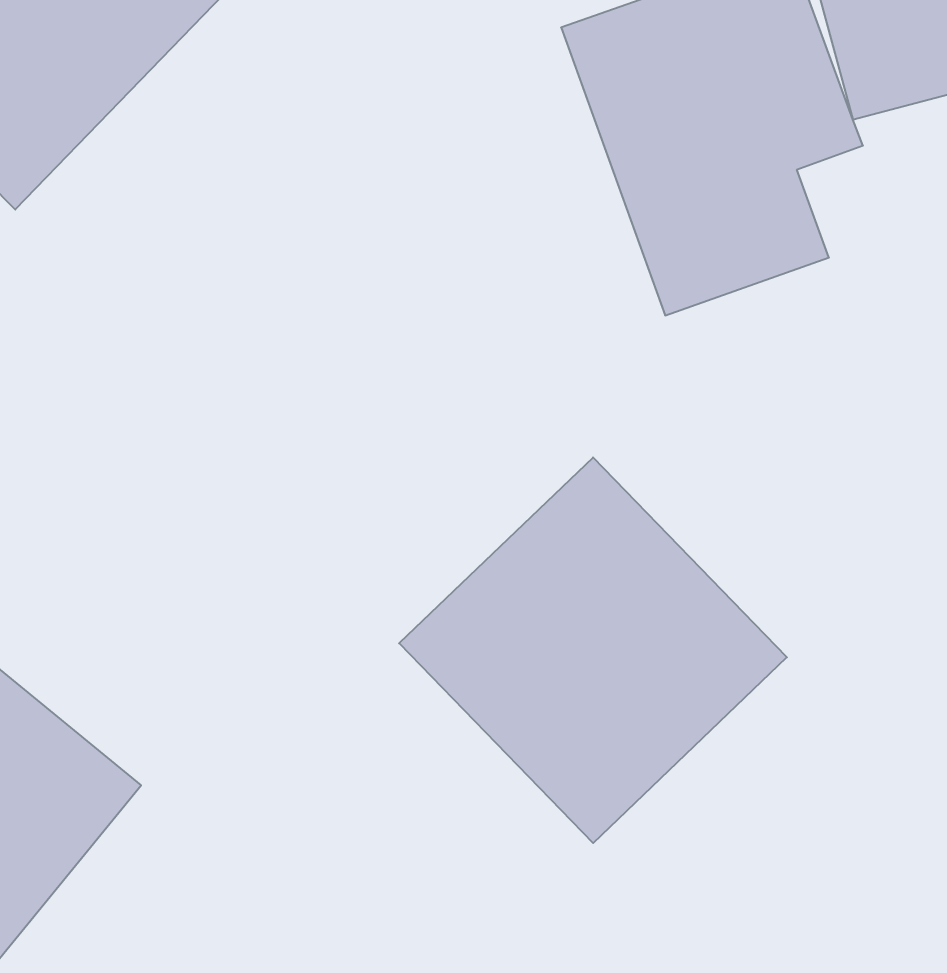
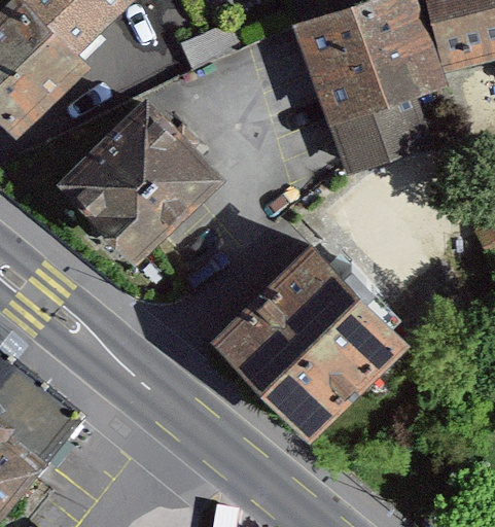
building: none -> [55,77,227,249]

